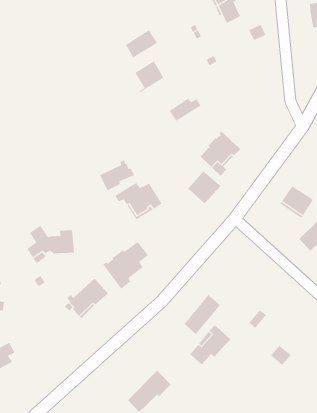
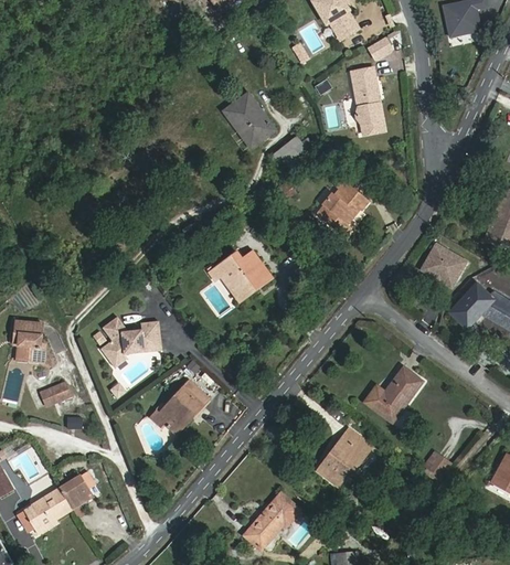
building: [125,29,158,58] -> [233,114,275,152]
building: none -> [351,68,384,134]
building: [99,160,135,191] -> none
building: [187,171,222,204] -> none
building: [102,241,149,290] -> none
building: [184,294,221,335] -> [375,366,422,420]

